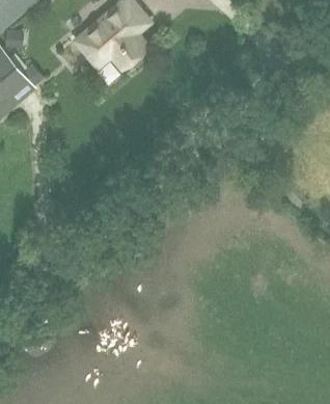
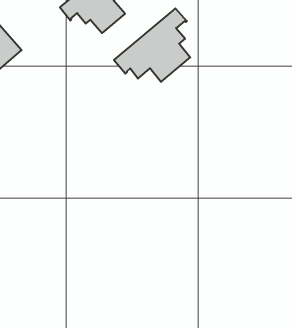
building: none -> [114,8,190,82]

